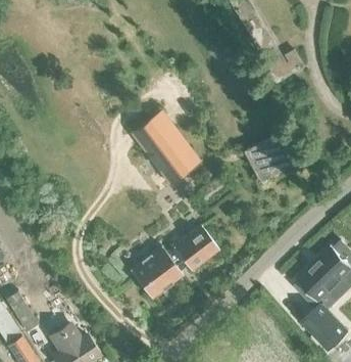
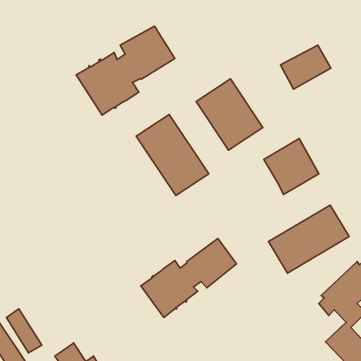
building: none -> [76,26,175,115]
building: none -> [196,79,263,150]
building: none -> [269,205,349,273]

